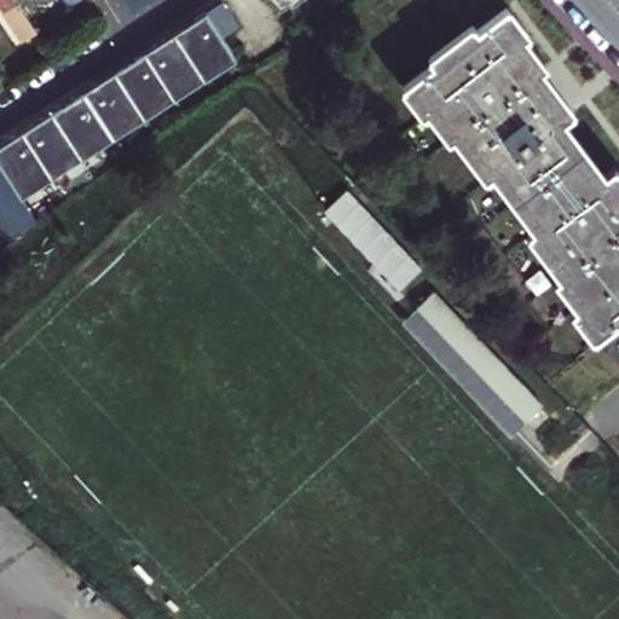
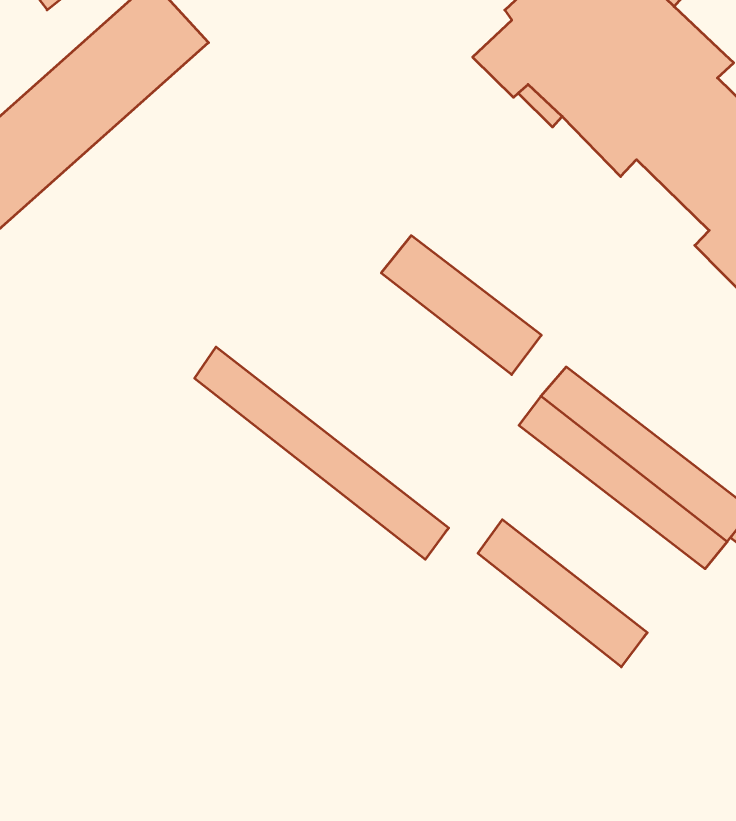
building: none -> [195,347,449,559]
building: none -> [478,520,647,667]

